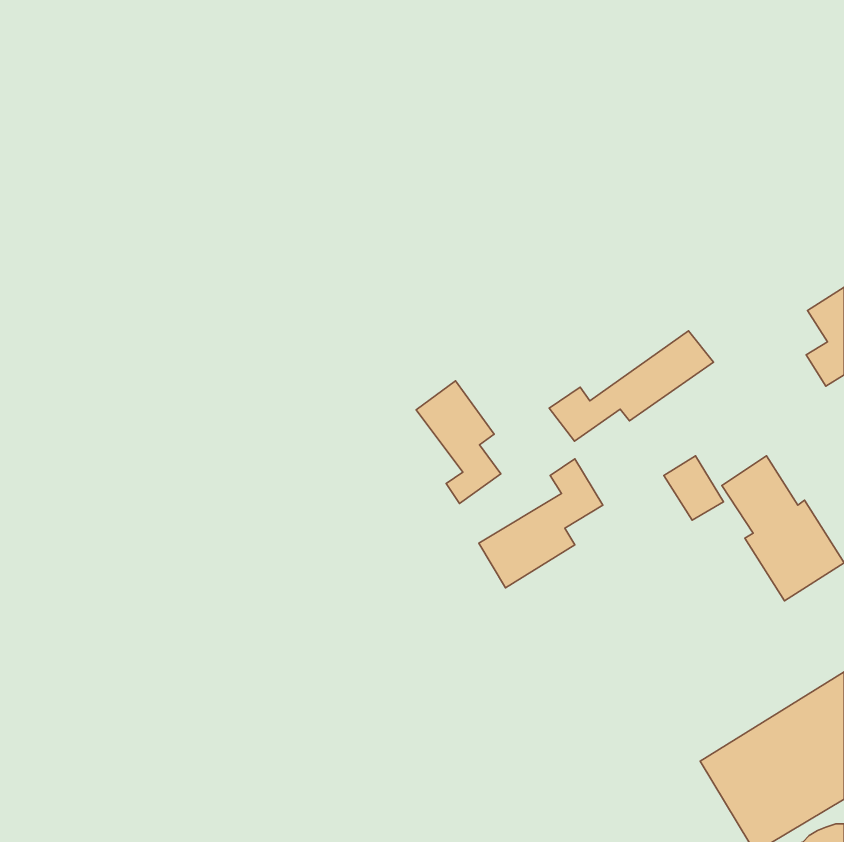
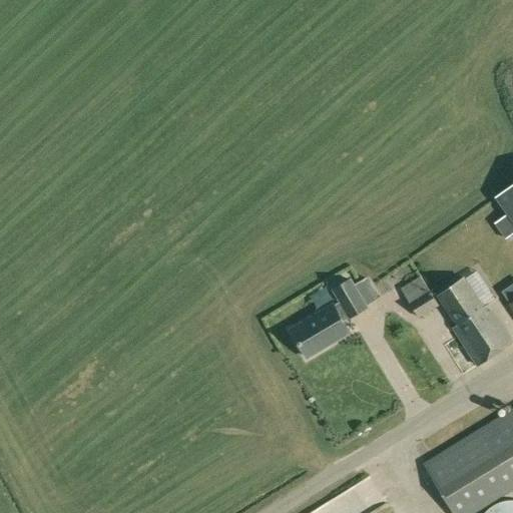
building: [549,331,714,441] -> none
building: [416,381,501,504] -> none

